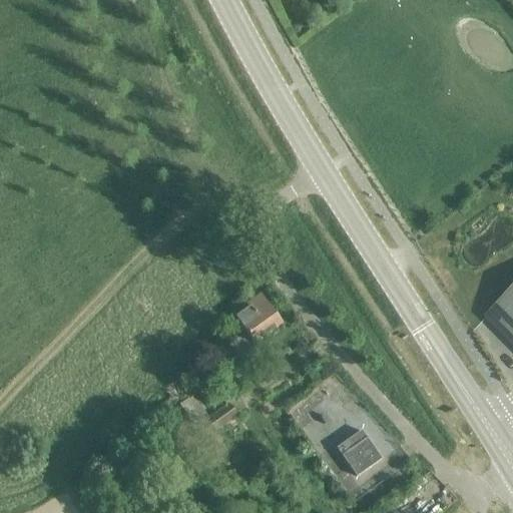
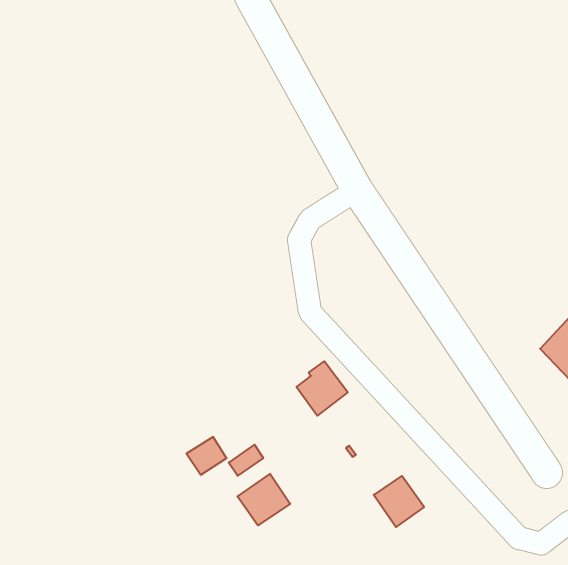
building: [234,292,281,341] -> [296,361,348,416]
building: none -> [237,474,290,525]

